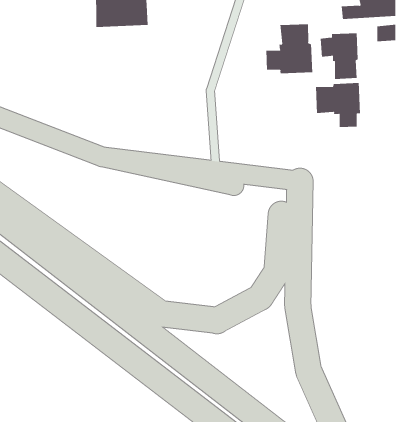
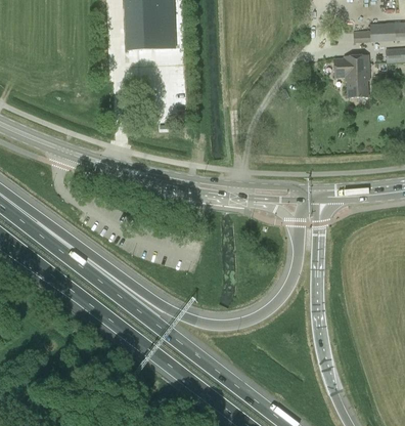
building: [266,23,313,74] -> none
building: [316,82,360,128] -> none

